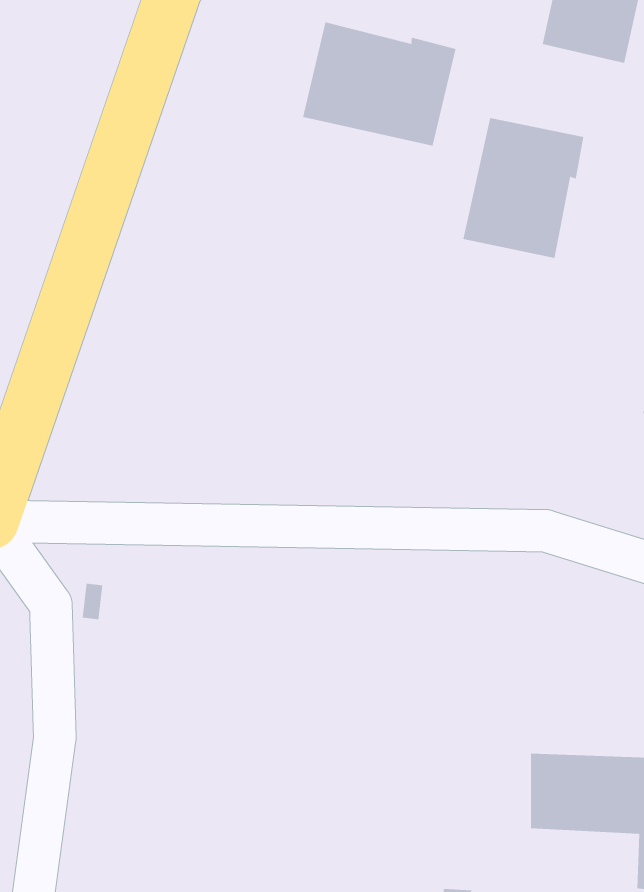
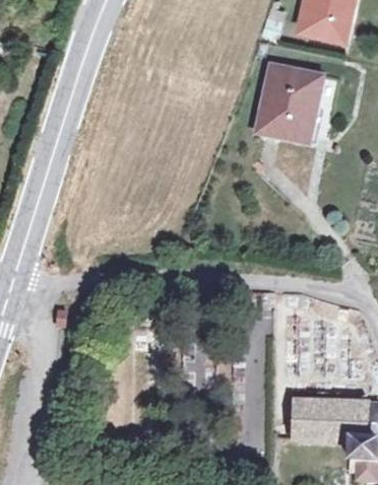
building: [302,21,456,147] -> none

